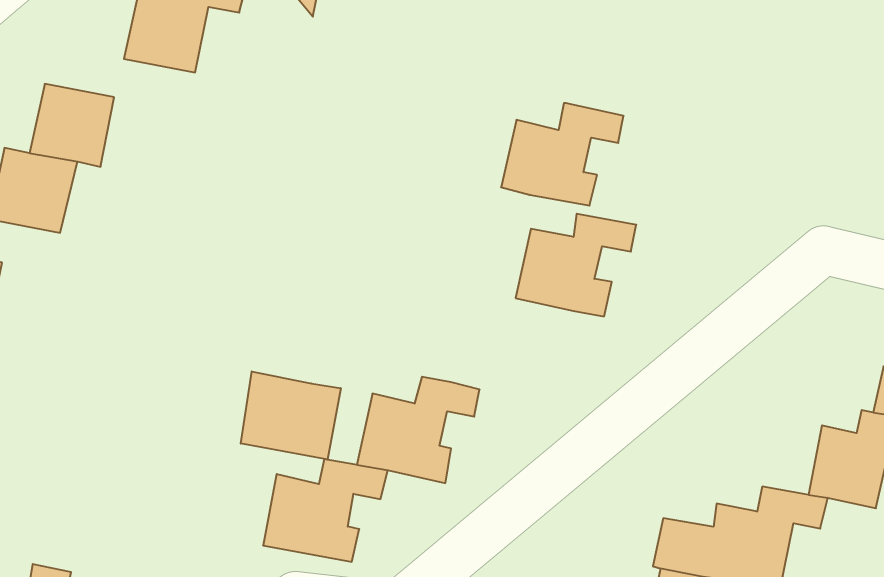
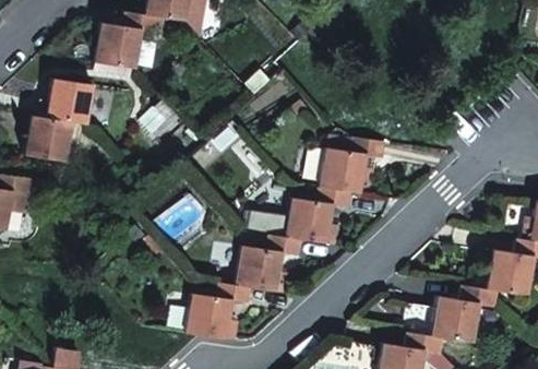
building: [501,103,624,206] -> [286,186,352,242]
building: [241,371,341,460] -> none

